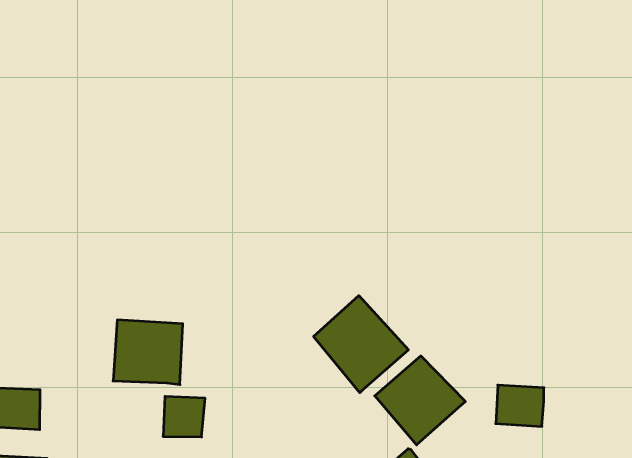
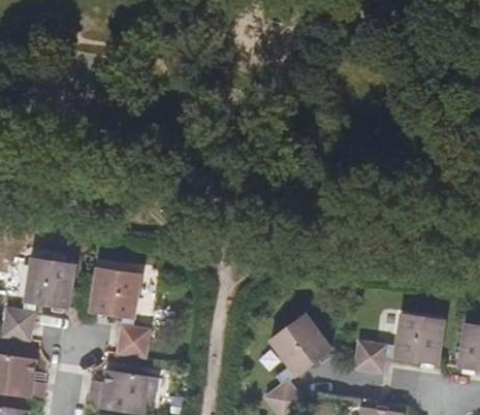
building: [314,296,408,393] -> none
building: none -> [23,256,74,307]
building: none -> [392,314,445,362]

